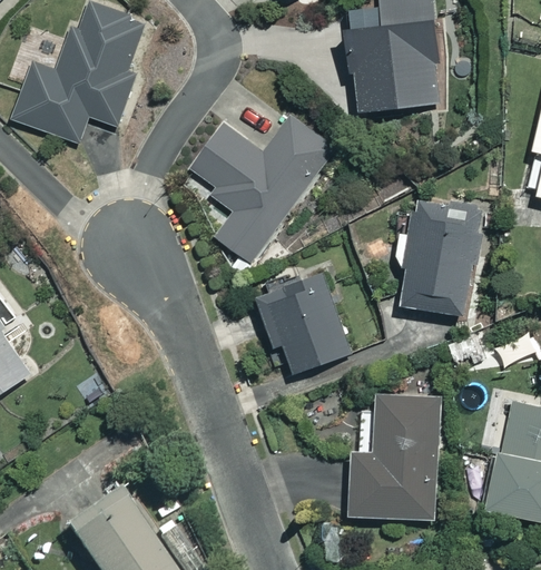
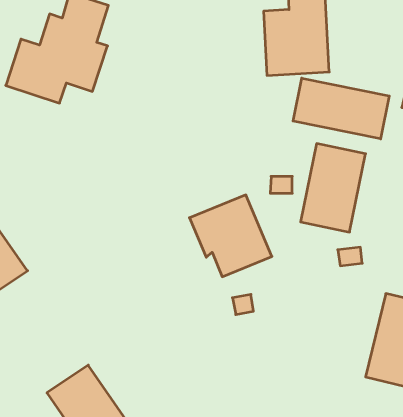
building: none -> [293,78,389,139]
building: [186,117,333,265] -> none
building: [348,392,443,523] -> none

